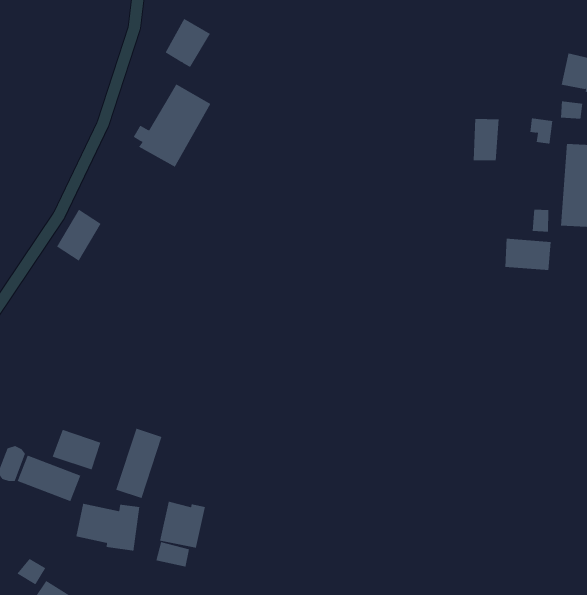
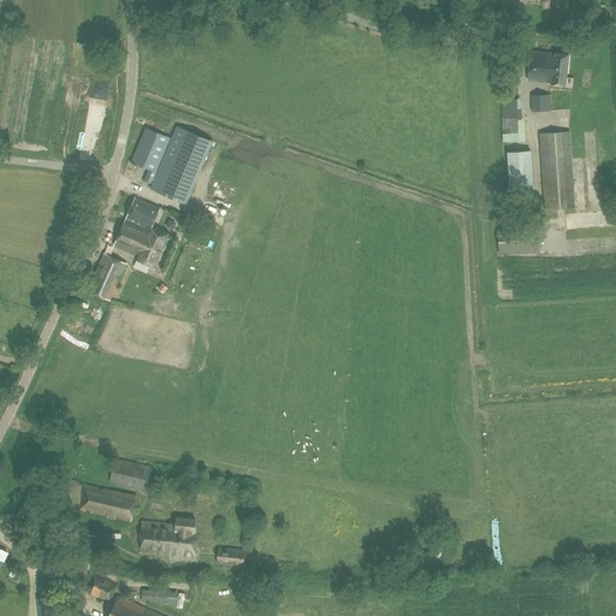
building: [165,18,211,68] -> [131,128,171,172]
building: [473,118,499,161] -> [507,150,532,191]
building: none -> [113,199,168,267]
building: [116,428,162,499] -> none
building: [160,501,206,548] -> none

